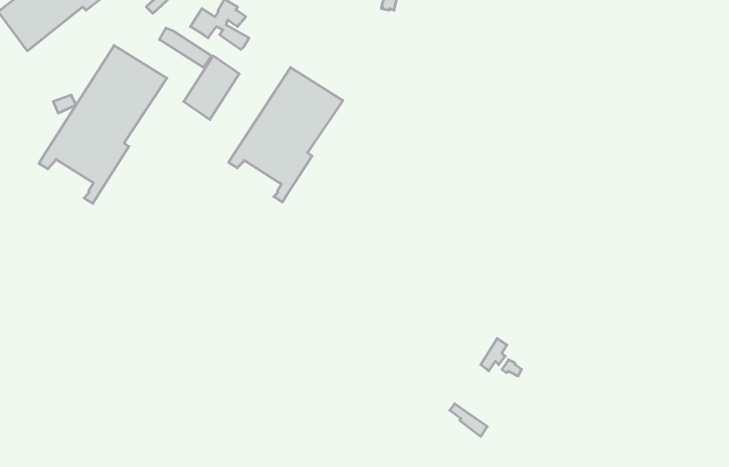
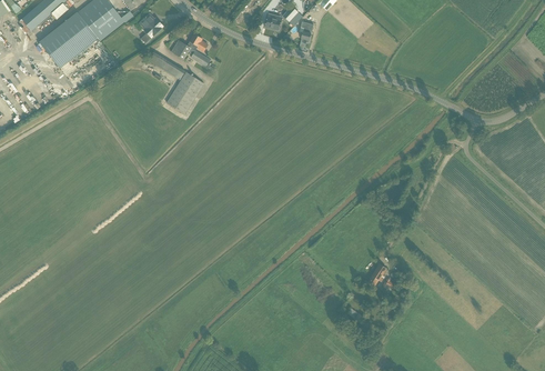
building: [39,45,167,204] -> none
building: [229,67,343,202] -> none

